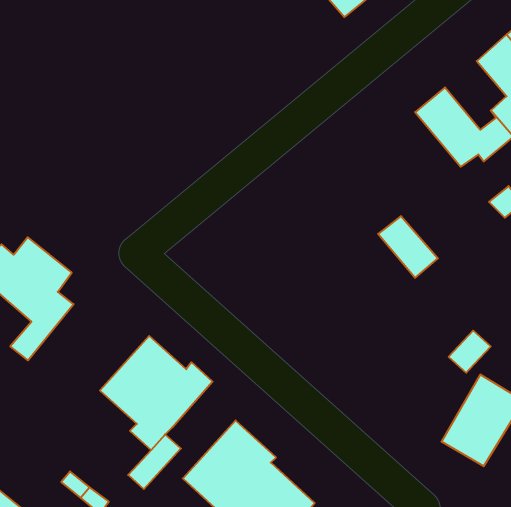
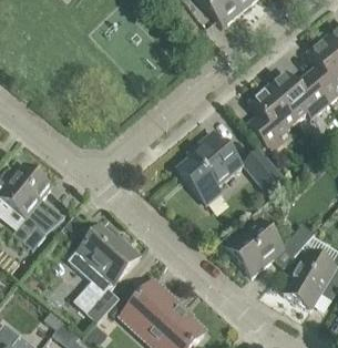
building: none -> [247,86,295,151]
building: none -> [177,133,240,198]
building: none -> [225,218,283,276]

